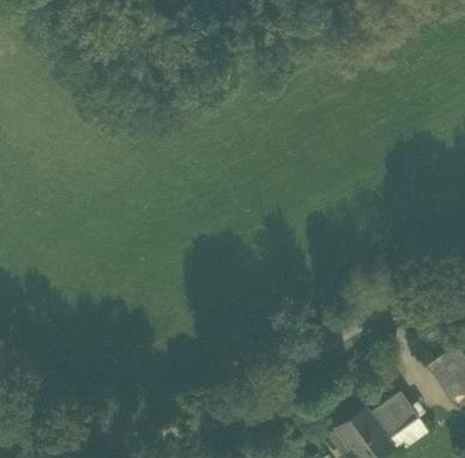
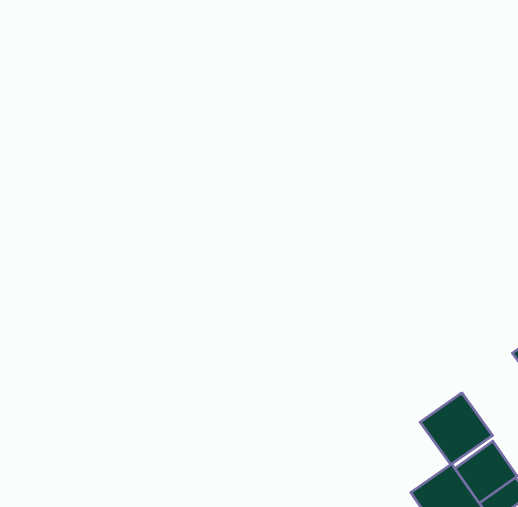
building: none -> [420,393,493,464]

